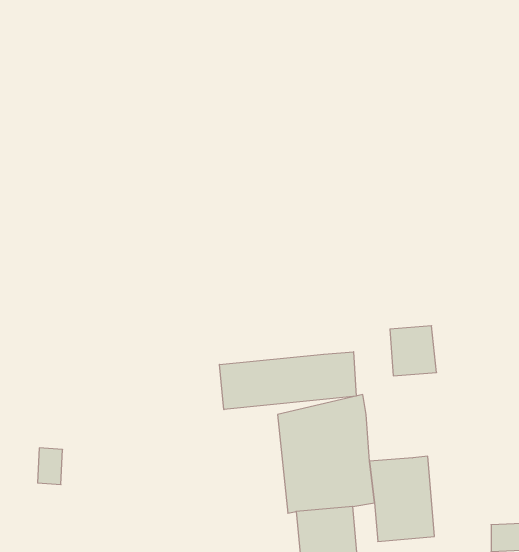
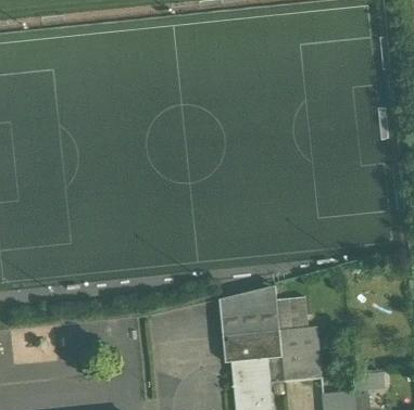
building: [390,326,437,376] -> [276,296,306,329]
building: [219,352,356,410] -> none

